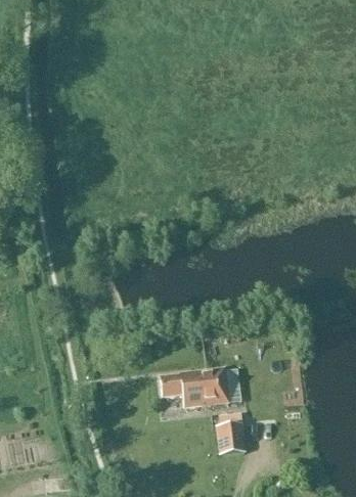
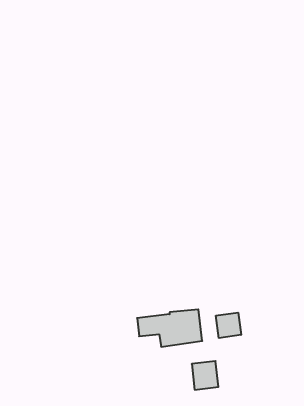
building: none -> [216,313,241,338]

